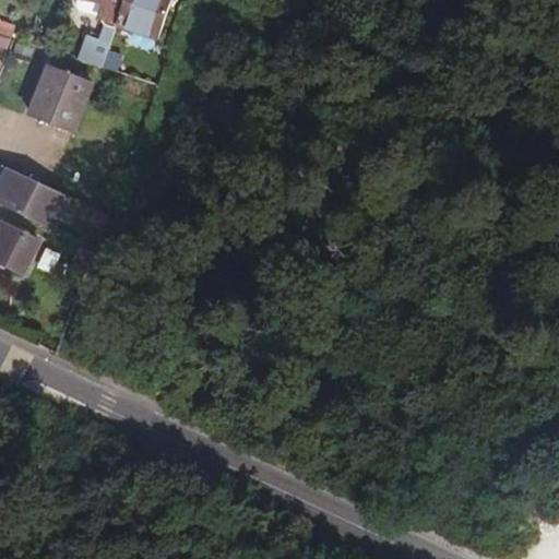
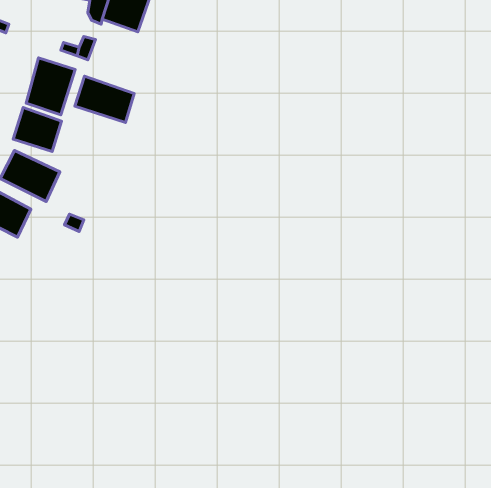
building: none -> [75,76,134,122]
building: none -> [13,107,62,152]

